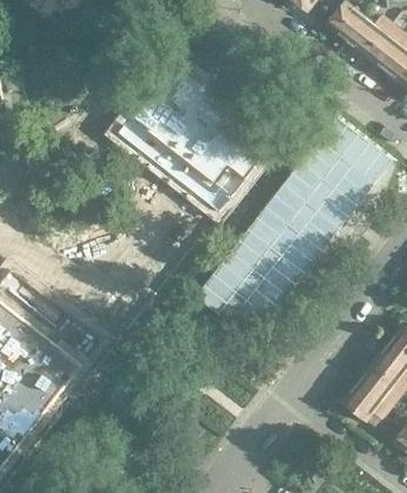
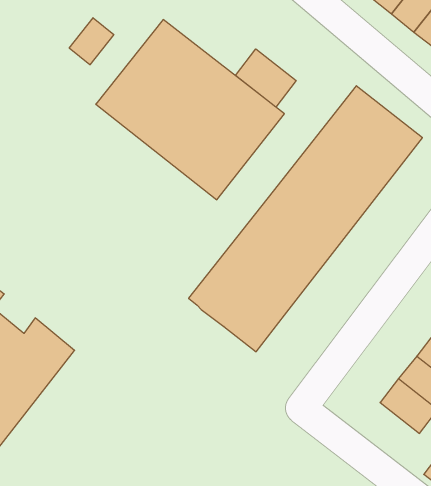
building: none -> [69,18,114,65]
building: none -> [236,49,296,107]
building: [342,383,390,421] -> none

